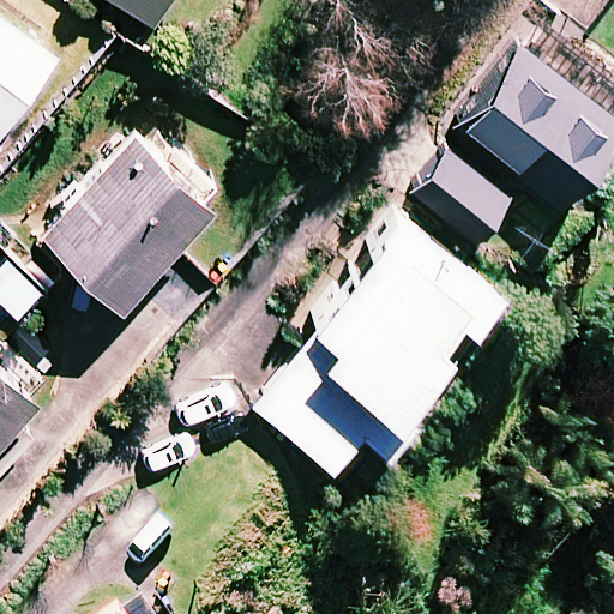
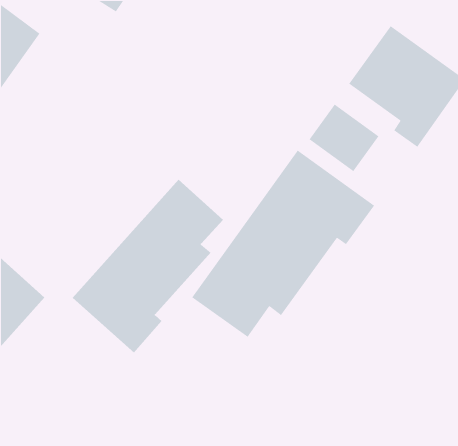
building: [46,136,217,309] -> none
building: none -> [72,179,224,353]

